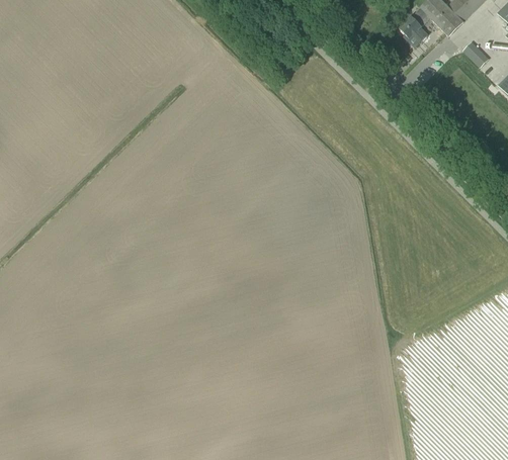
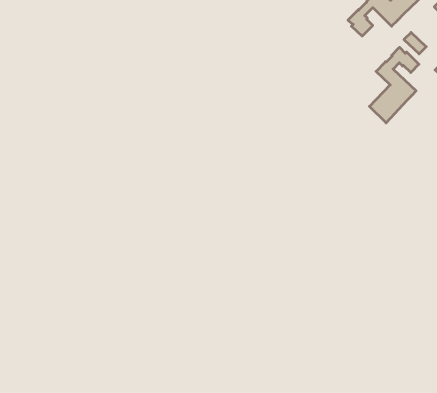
building: none -> [369,47,419,123]

